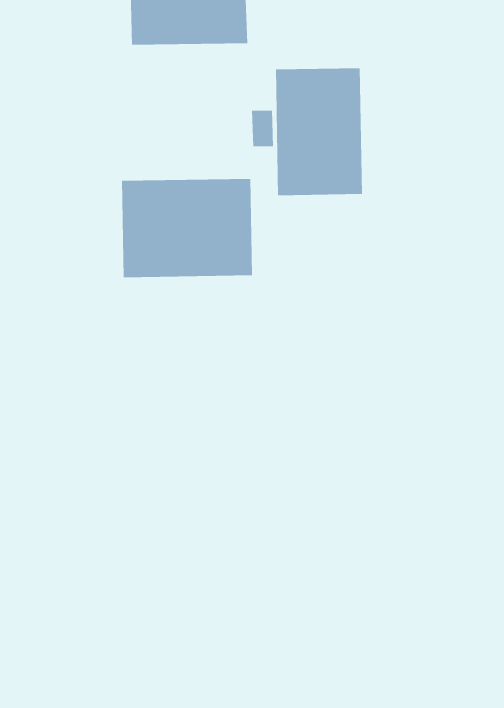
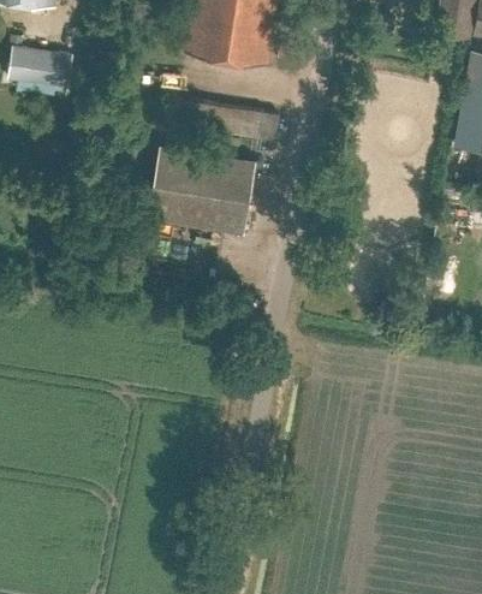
building: [275,67,362,196] -> none

